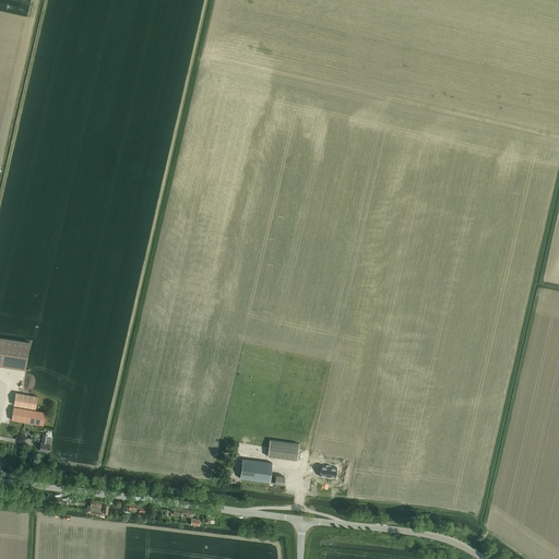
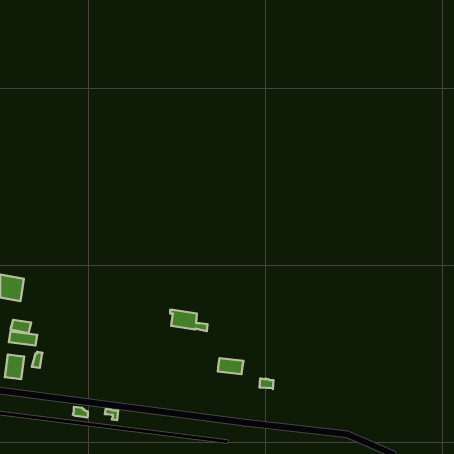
building: none -> [5,355,24,379]
building: [239,459,285,485] -> [170,310,208,331]

